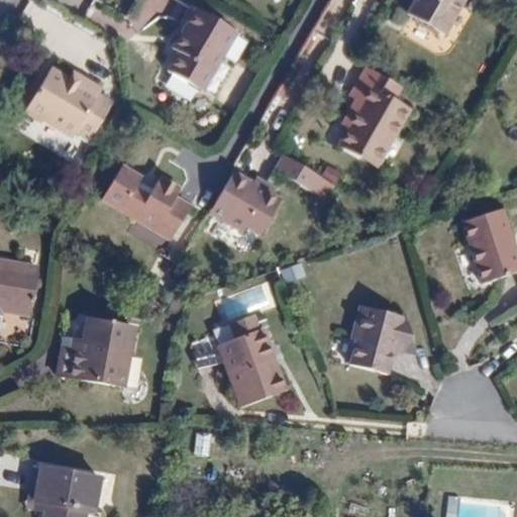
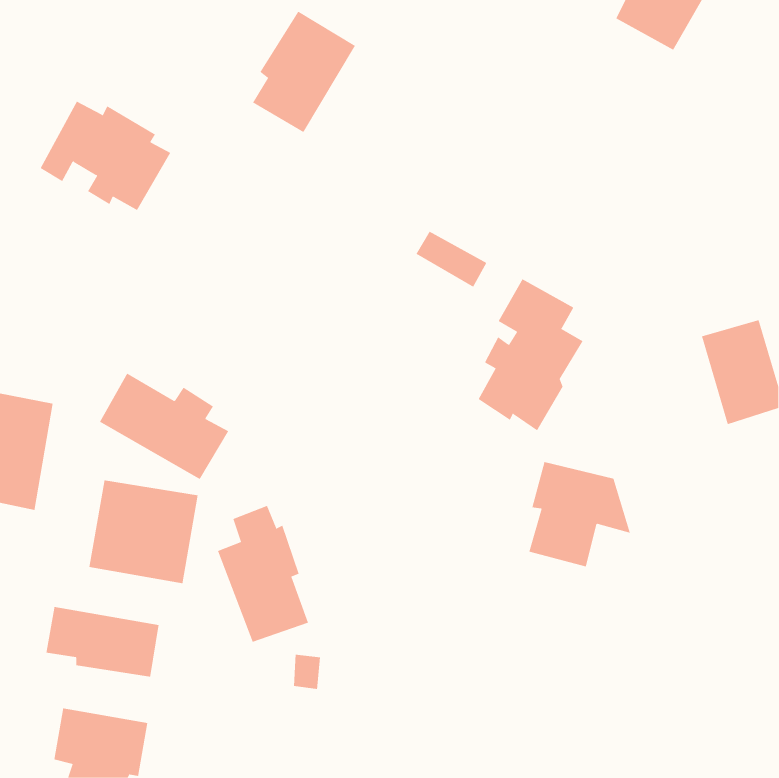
building: [339,66,409,167] -> [478,278,583,431]
building: [104,166,190,236] -> [99,373,229,480]
building: [211,176,279,232] -> none
building: [219,314,280,405] -> [217,505,309,643]
building: none -> [46,606,159,677]

